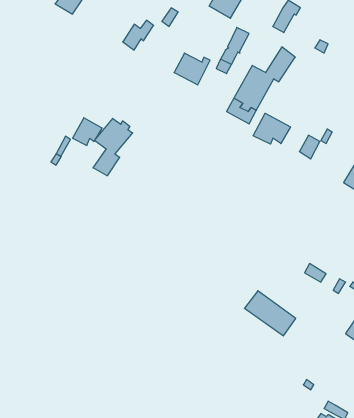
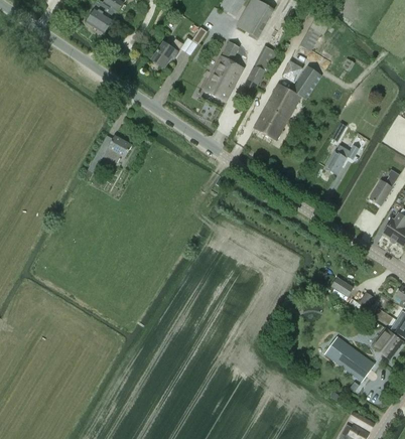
building: none -> [213,40,243,80]
building: [253,113,291,144] -> none
building: [93,118,133,176] -> none
building: [244,291,296,336] -> [323,336,374,381]

